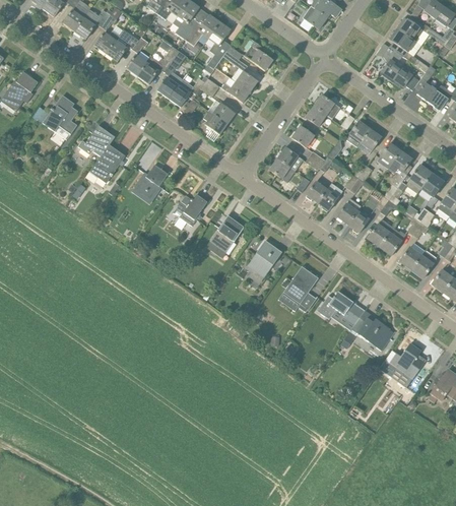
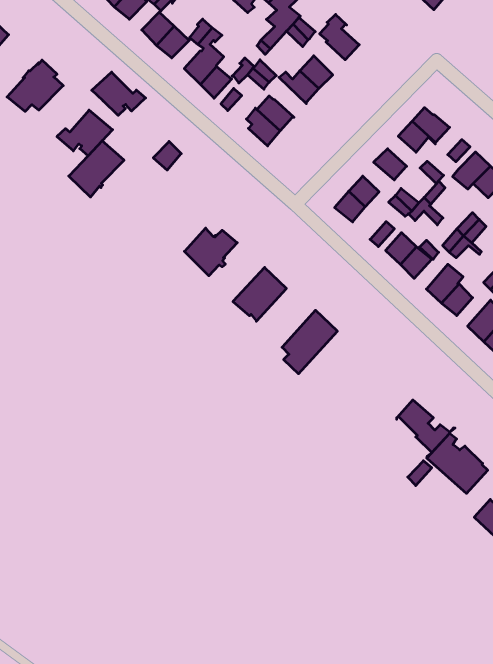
building: none -> [92,72,146,115]
building: [133,164,168,198] -> none
building: [283,266,318,309] -> none

